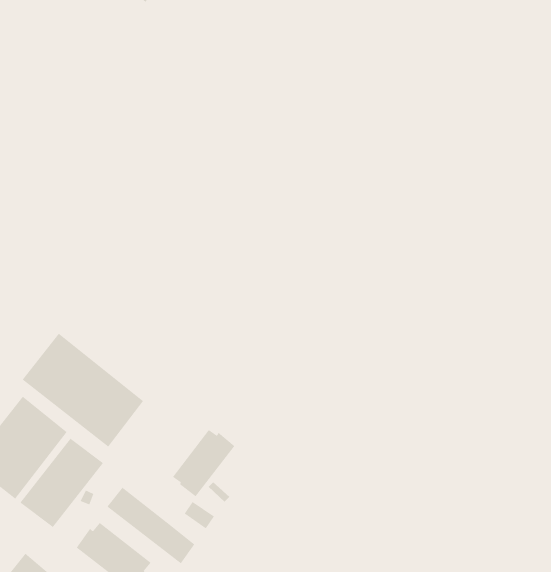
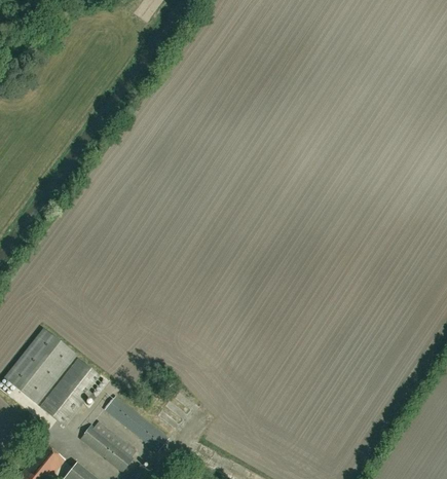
building: [22,333,144,448] -> none
building: [172,429,235,497] -> none

